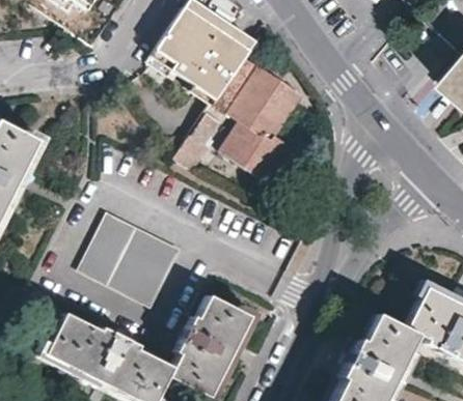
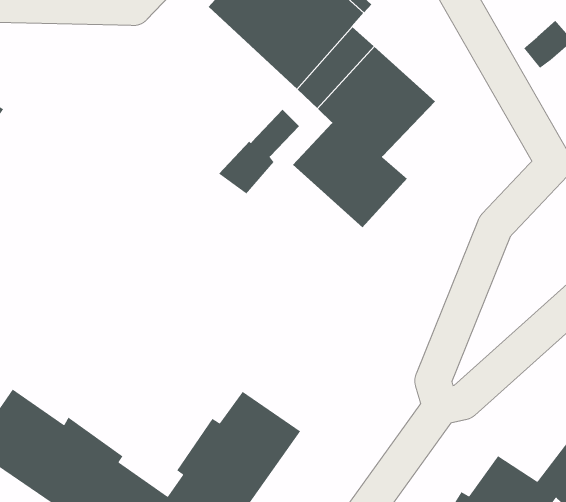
building: [81,213,181,307] -> none

